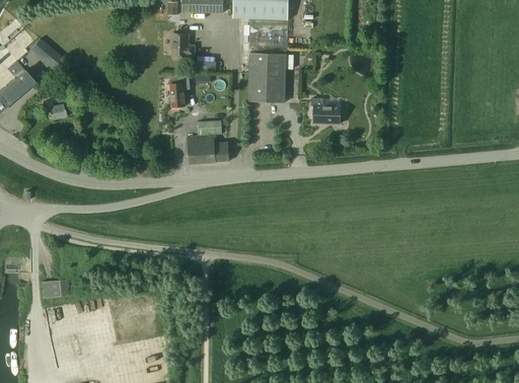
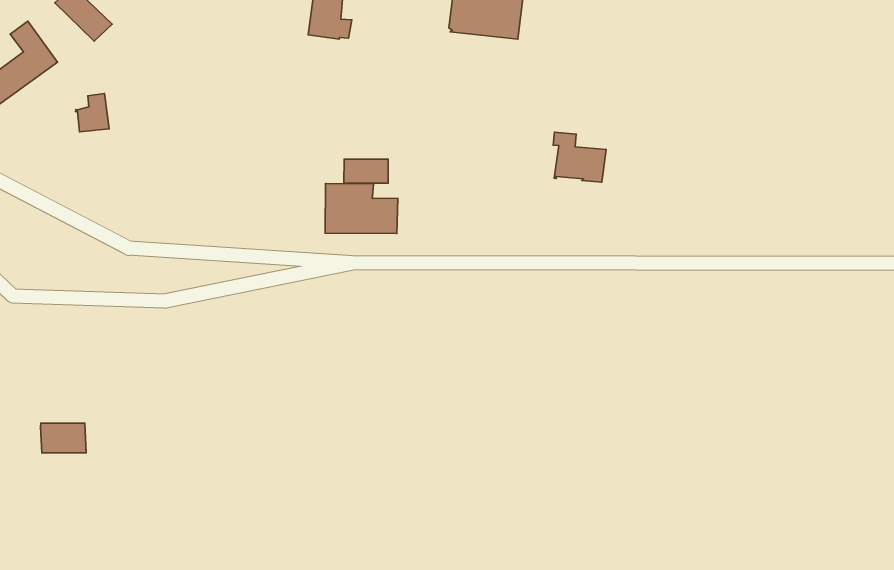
building: [248,48,293,102] -> none
building: [170,76,190,107] -> none

